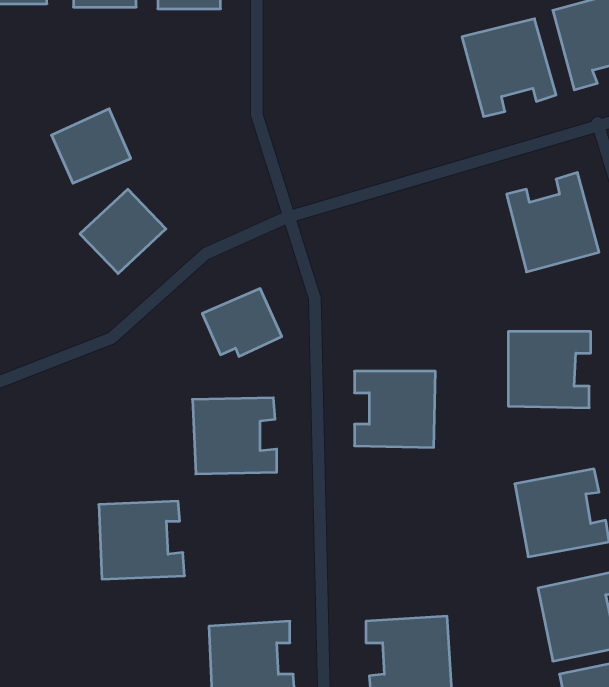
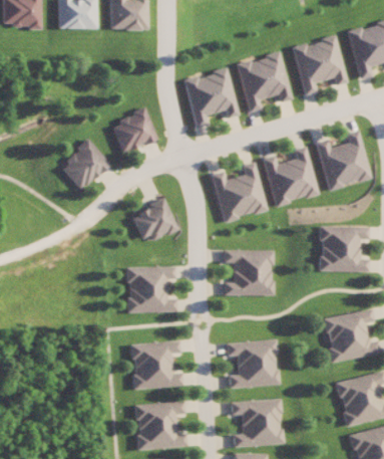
building: none -> [234,52,291,112]
building: none -> [182,69,237,129]
building: [51,109,131,183] -> [108,108,156,154]
building: none -> [263,146,319,206]
building: none -> [213,162,269,222]
building: [99,501,185,579] -> [130,341,182,389]
building: none -> [226,339,278,388]

